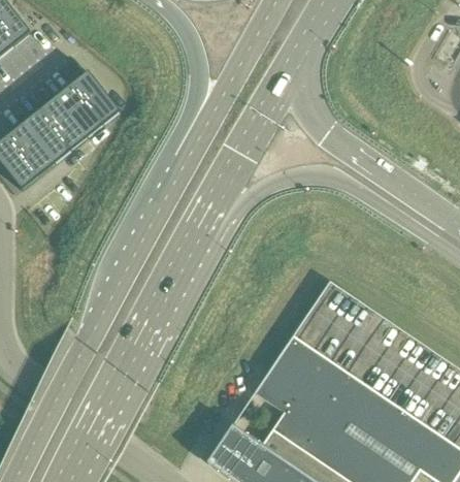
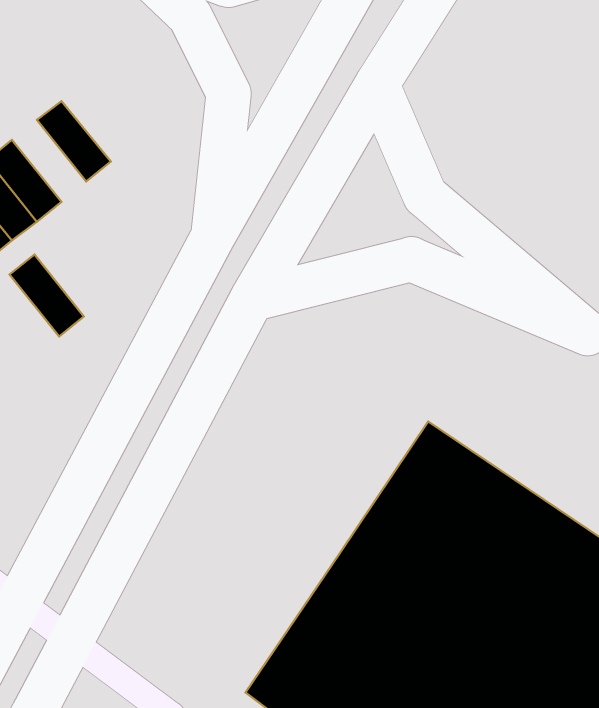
building: [52,84,101,138] -> [10,254,84,337]

